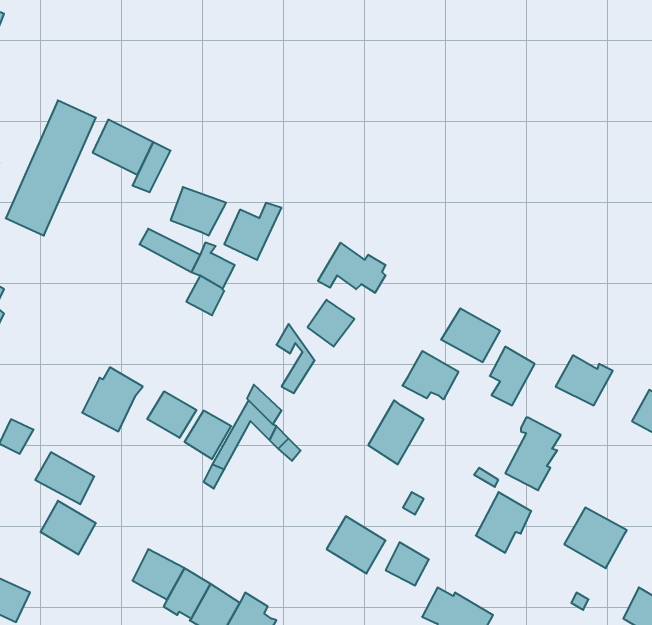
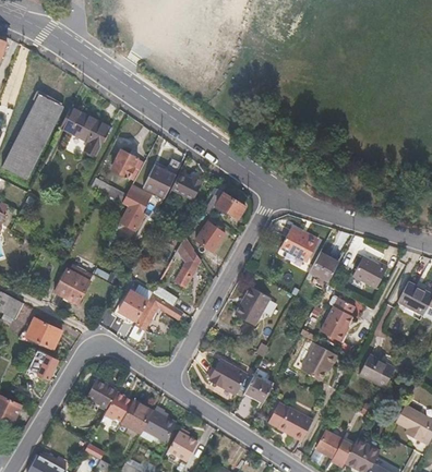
building: none -> [171,172,202,199]
building: [402,351,458,399] -> none
building: [147,391,196,438] -> none

